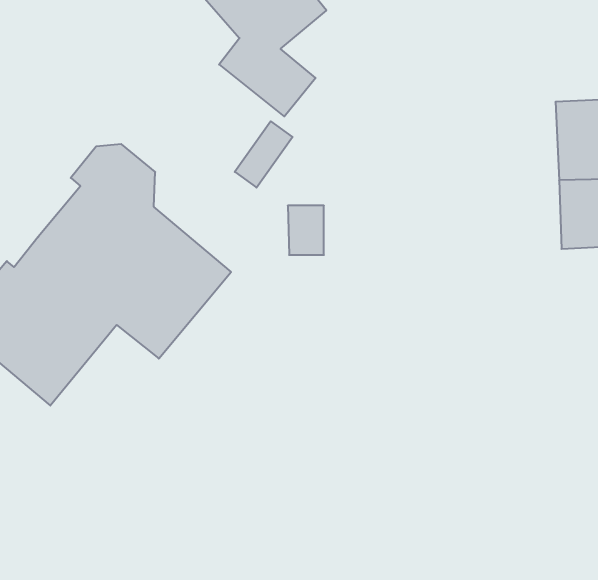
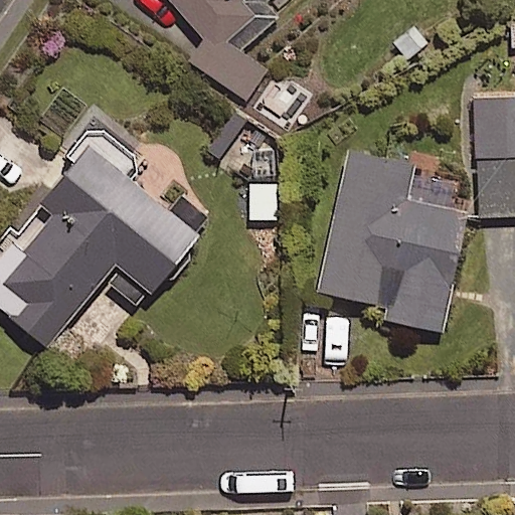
building: none -> [321,153,466,331]

